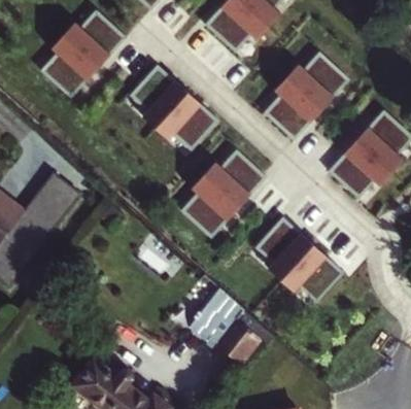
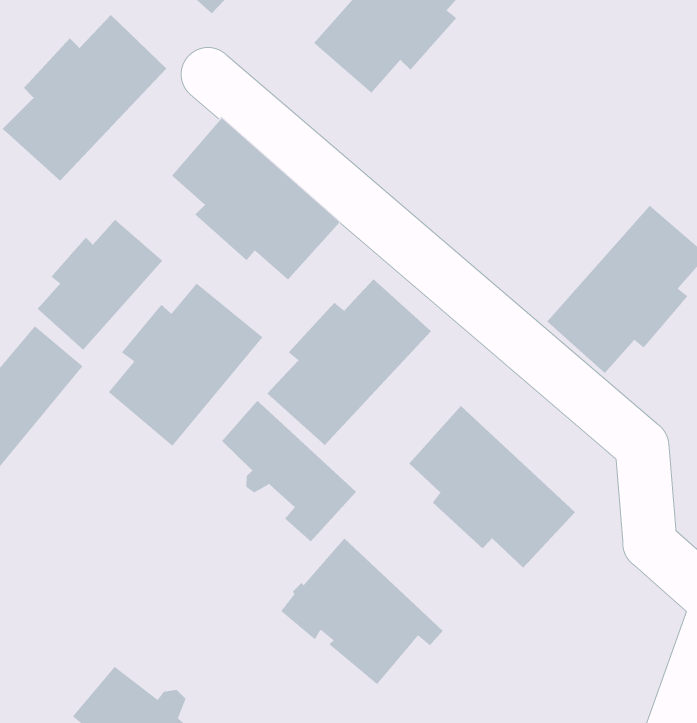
building: [261,52,348,140] -> none
building: none -> [37,219,163,351]
building: none -> [108,282,263,447]
building: none -> [221,400,357,542]

